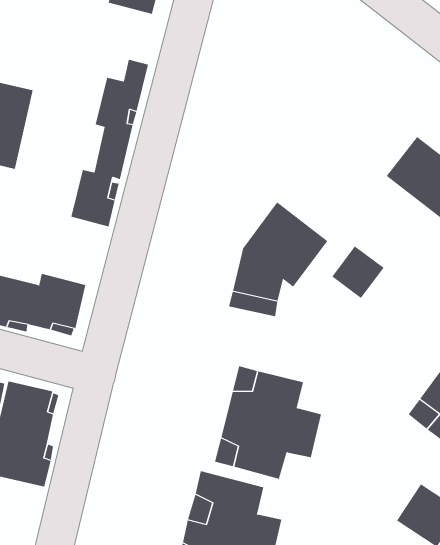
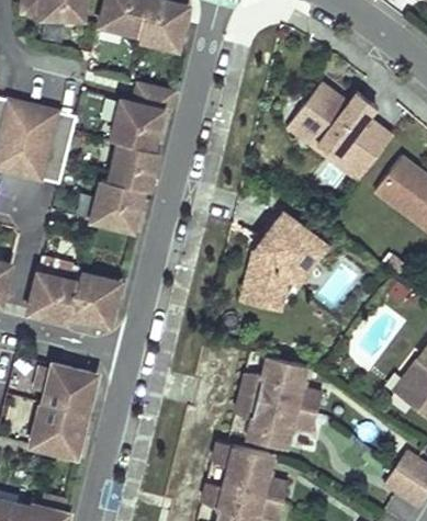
building: none -> [295,81,392,169]
building: [331,246,384,299] -> none

